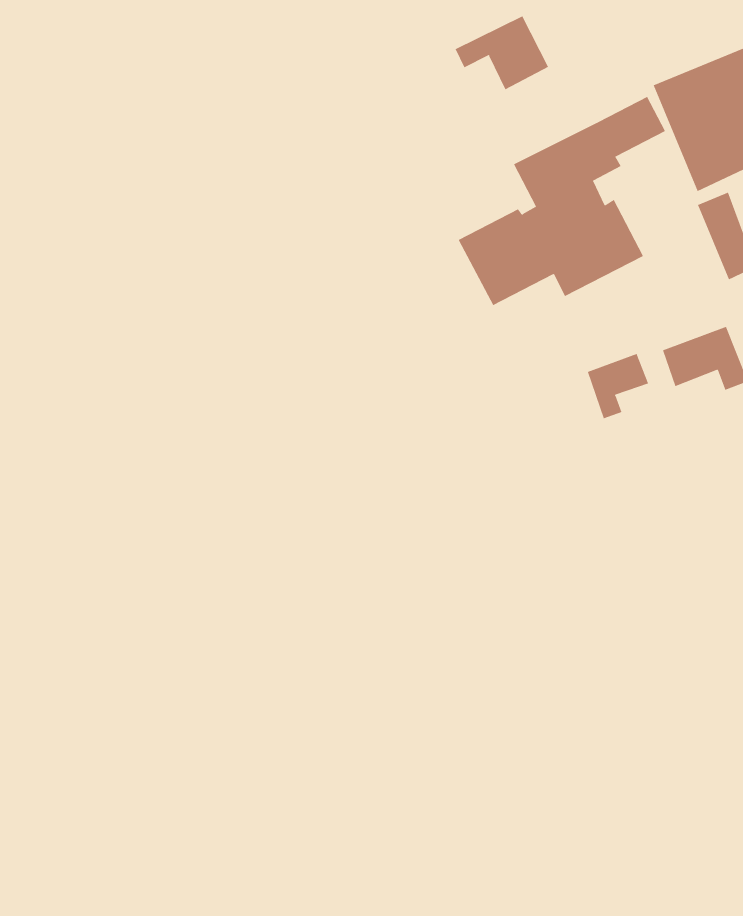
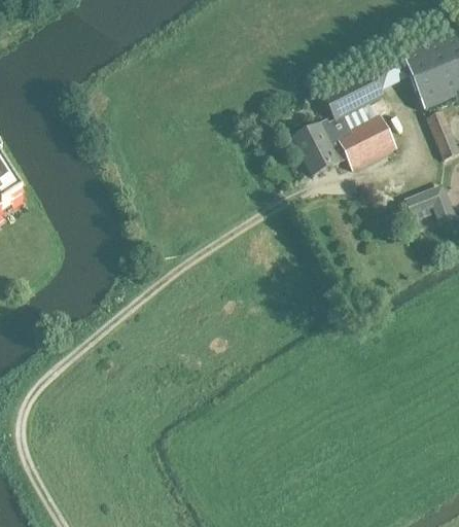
building: [455,16,549,90] -> none
building: [587,353,649,419] -> none

